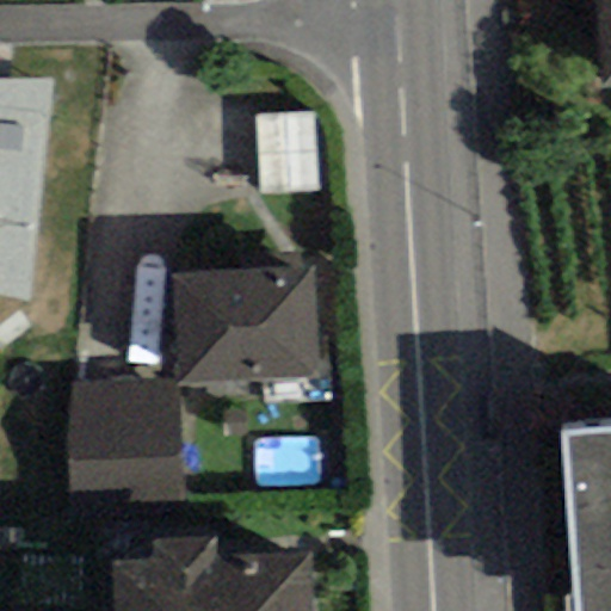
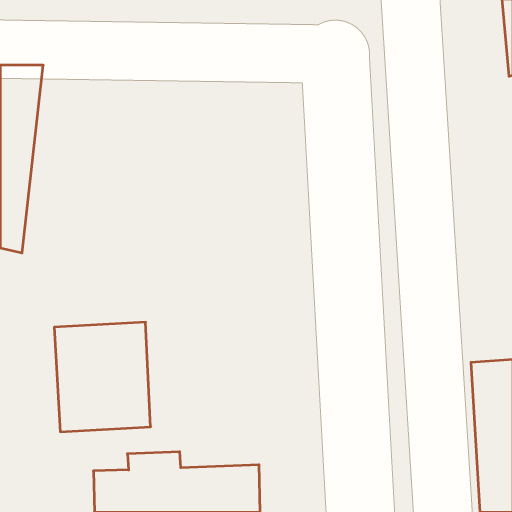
building: [257,112,316,193] -> none
building: [172,254,320,382] -> none

